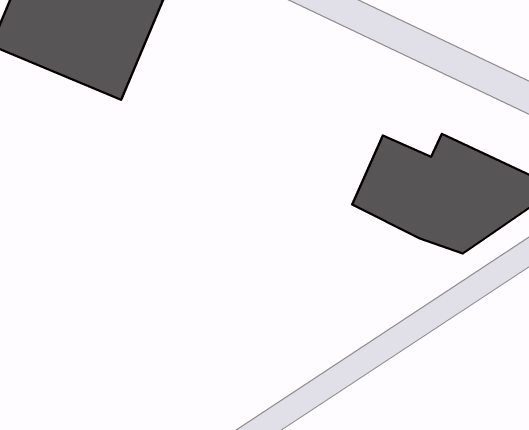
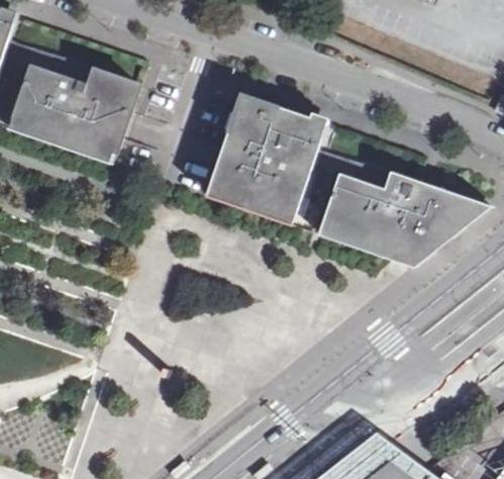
building: none -> [205,91,327,220]

